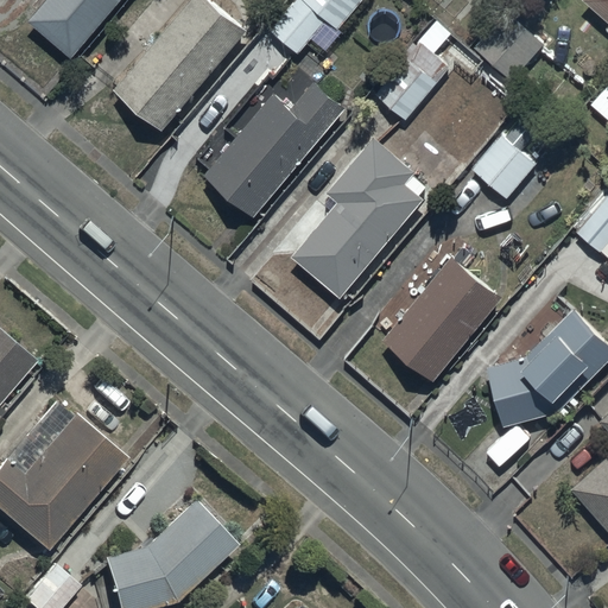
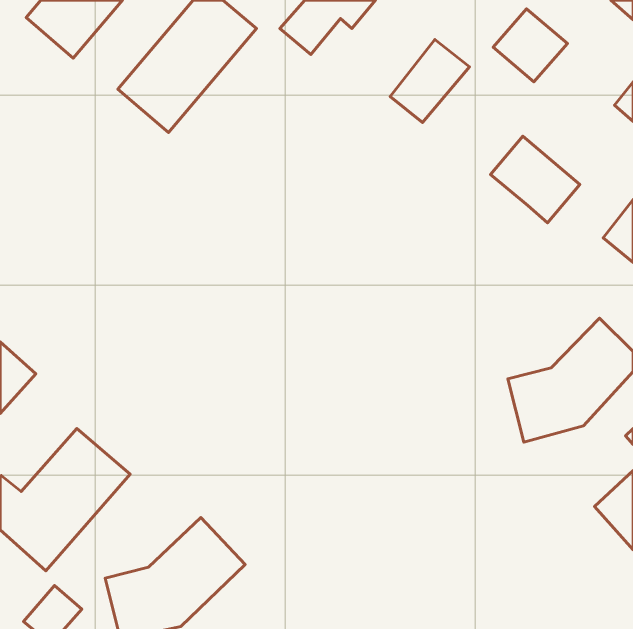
building: [203,82,342,215] -> none
building: [291,137,425,297] -> none
building: [382,255,502,382] -> none

